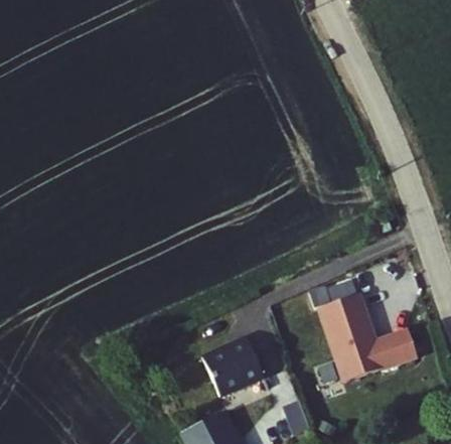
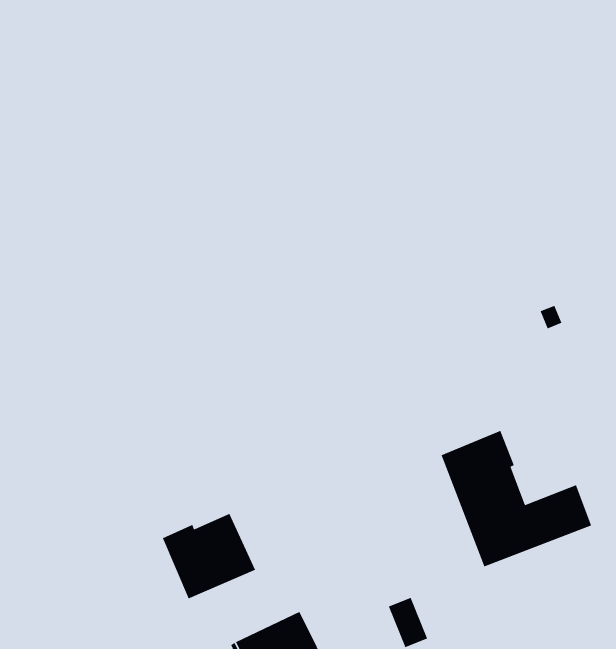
building: [203,337,265,394] -> [162,513,256,600]

